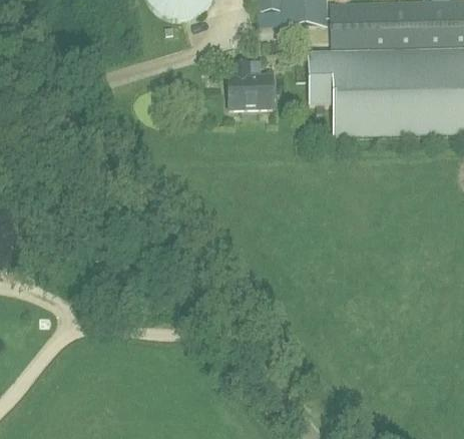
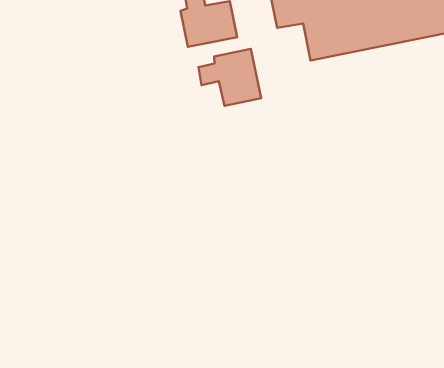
building: none -> [198,49,261,106]

